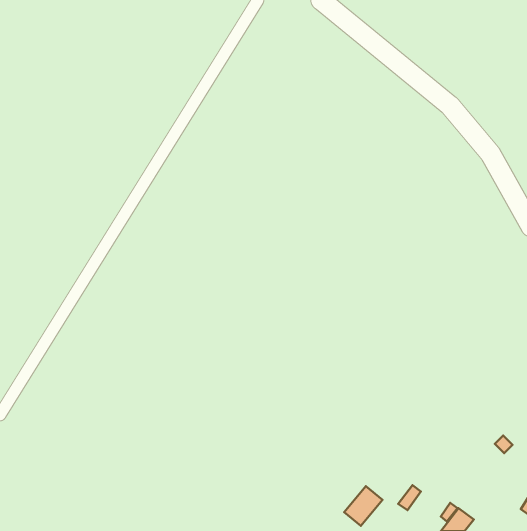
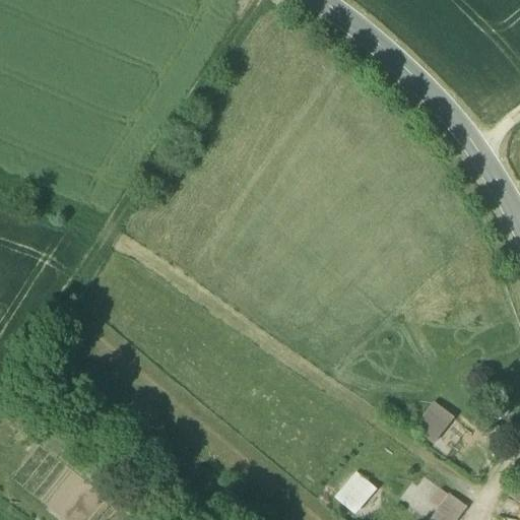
building: none -> [416,405,450,441]

